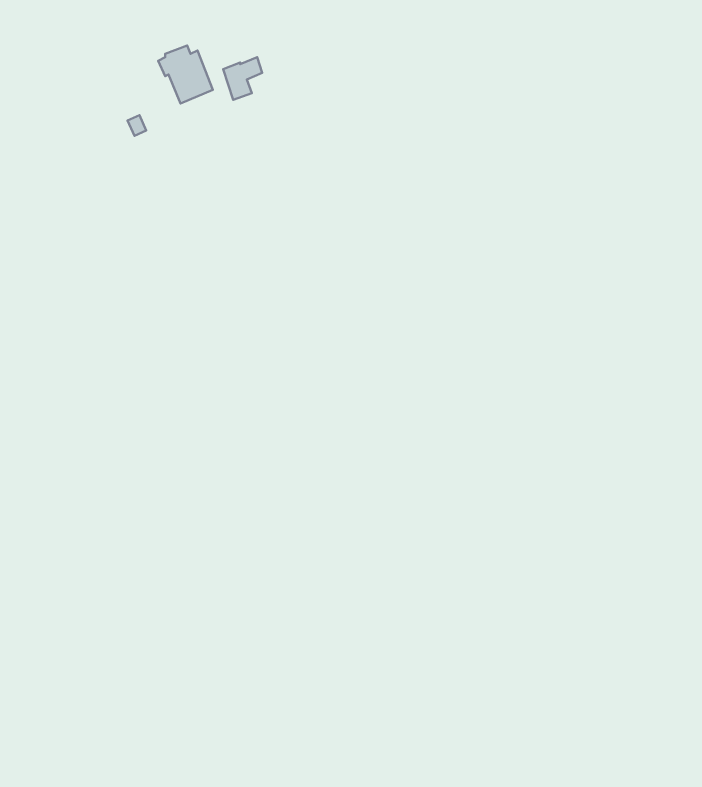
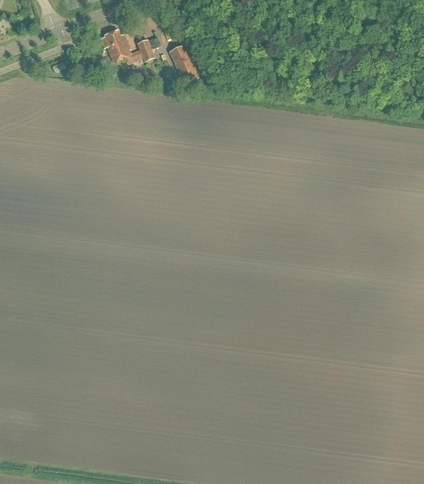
building: none -> [171,45,198,83]

